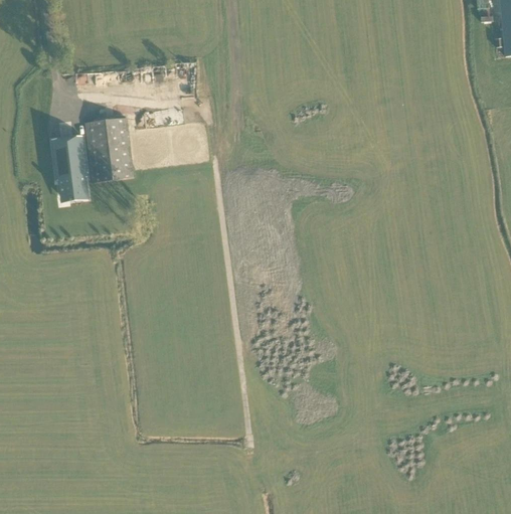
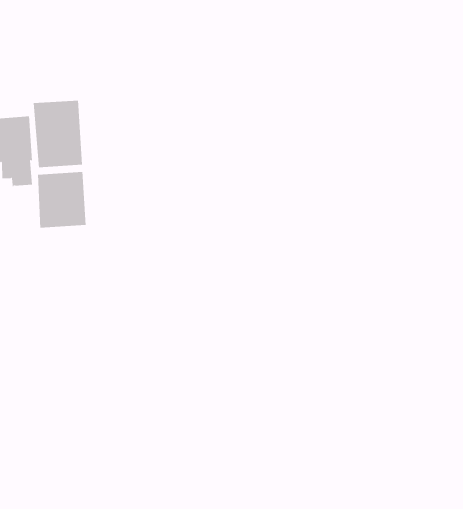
building: none -> [37,171,86,228]

